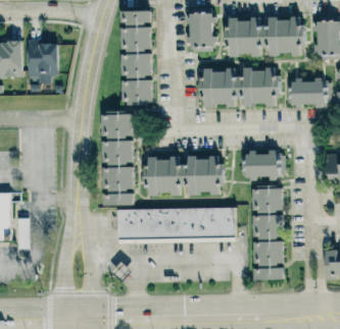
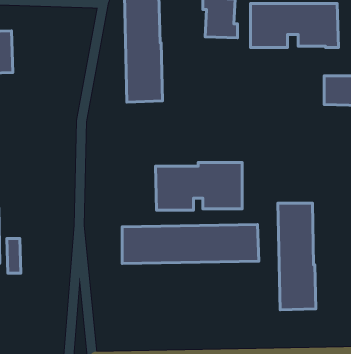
building: [29,42,58,83] -> none
building: [201,68,279,106] -> none
building: [101,114,133,206] -> none
building: [245,150,278,178] -> none

